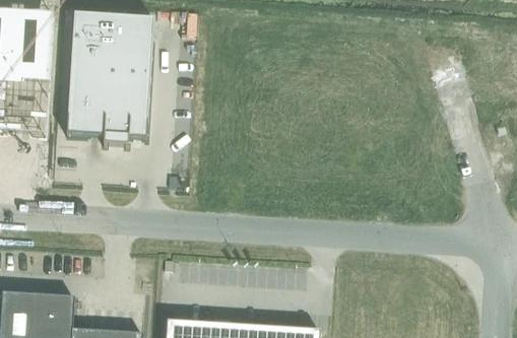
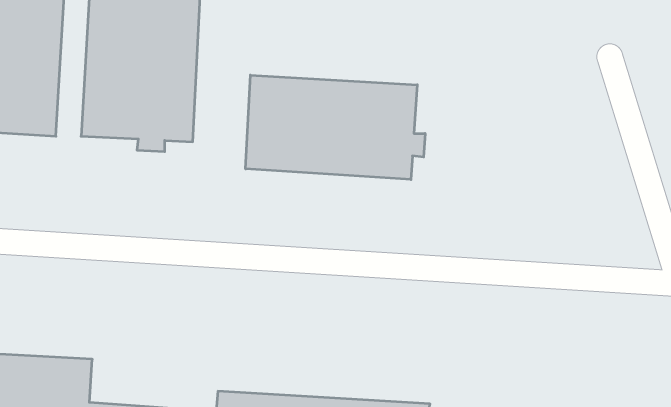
building: none -> [246,75,425,180]

